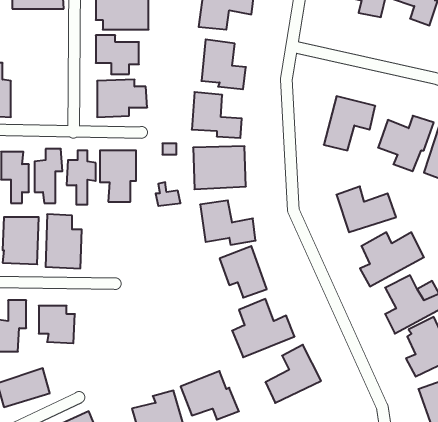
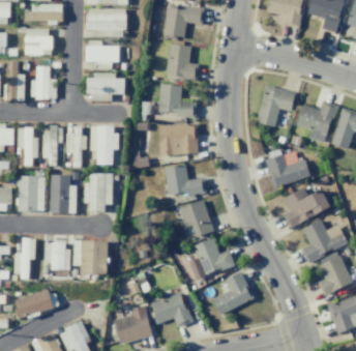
building: none -> [25,28,53,55]
building: none -> [31,66,57,98]
building: none -> [84,173,112,211]
building: none -> [73,240,108,274]

